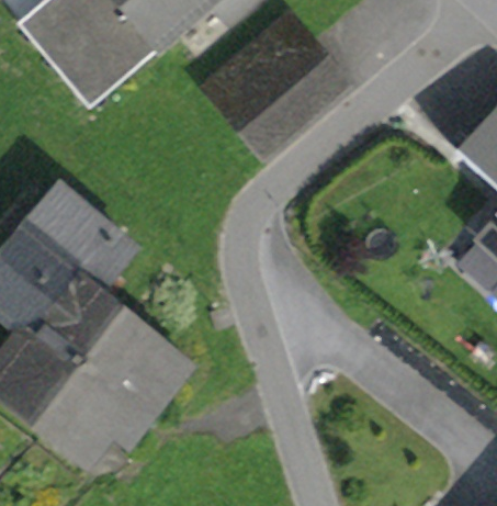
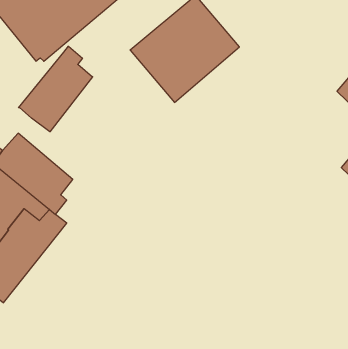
building: none -> [19,46,93,132]
building: [41,307,192,446] -> none

